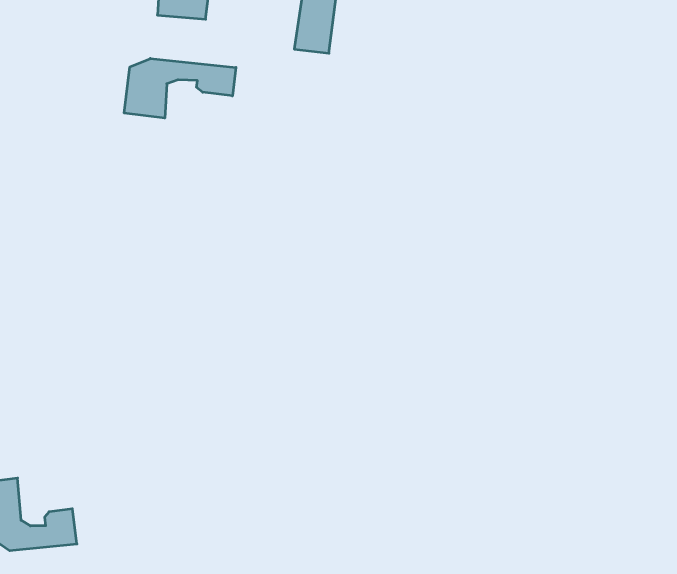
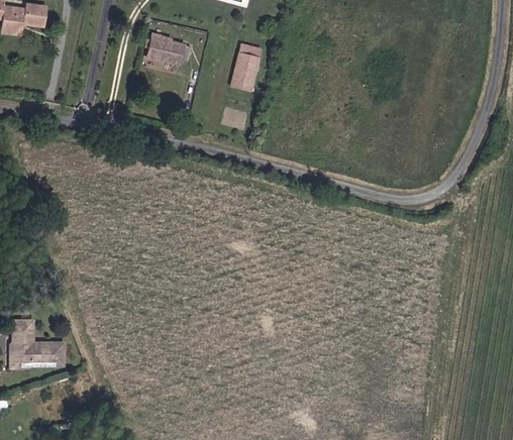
building: [124,58,236,118] -> none

